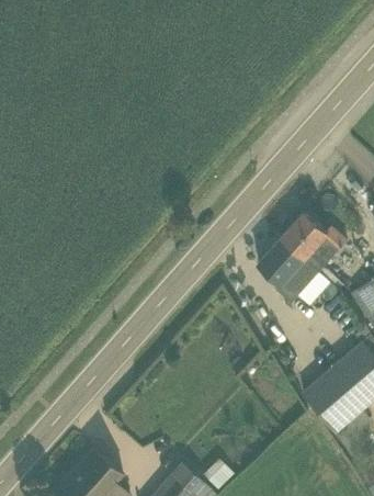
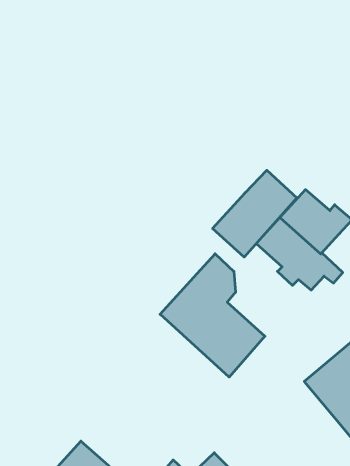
building: none -> [213,170,297,257]
building: none -> [160,254,265,377]

